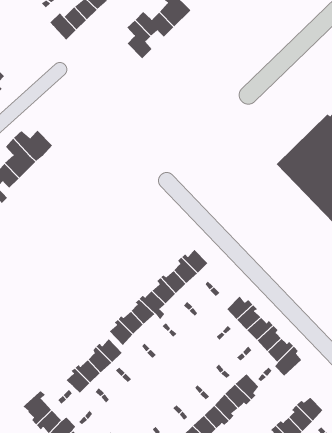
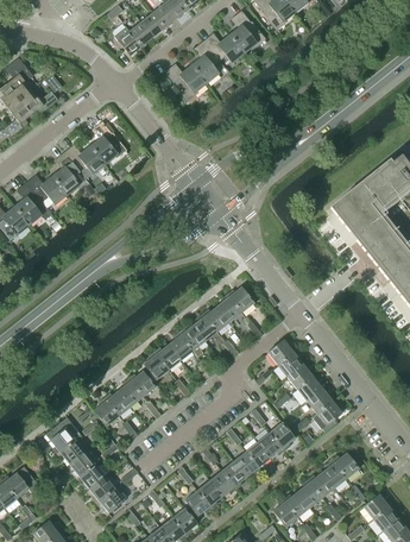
building: none -> [164,63,206,103]
building: none -> [89,122,127,164]

